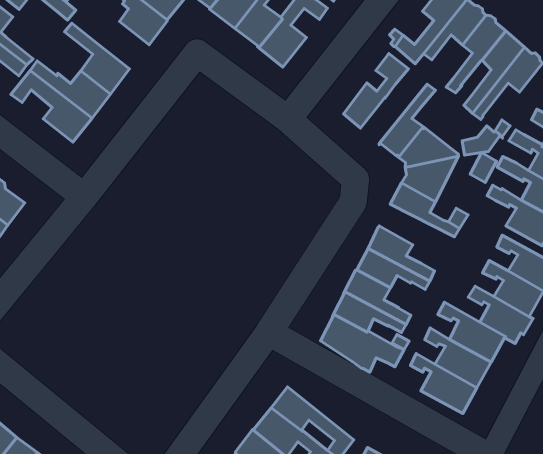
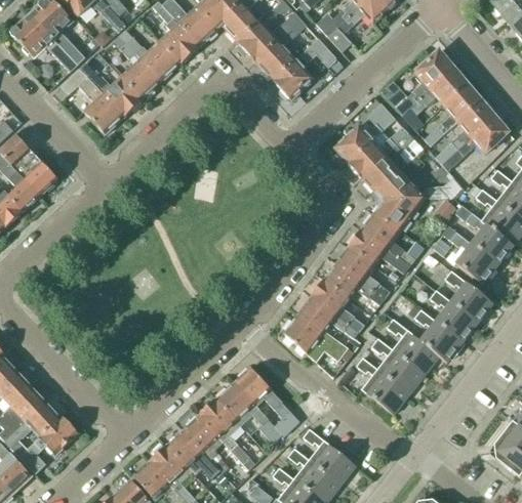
building: none -> [120,29,182,80]
building: none -> [347,128,408,176]
building: none -> [349,228,410,273]

